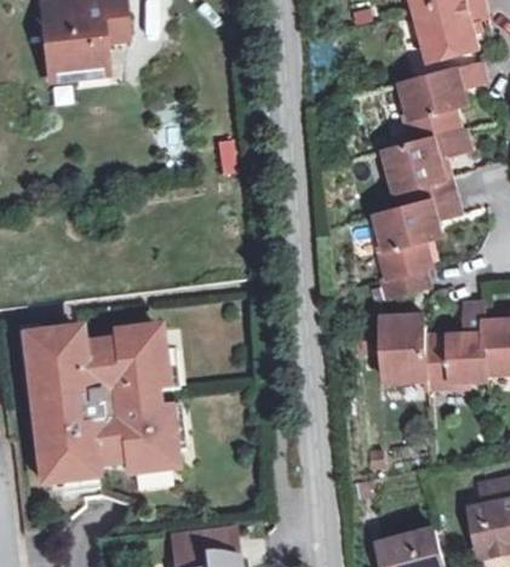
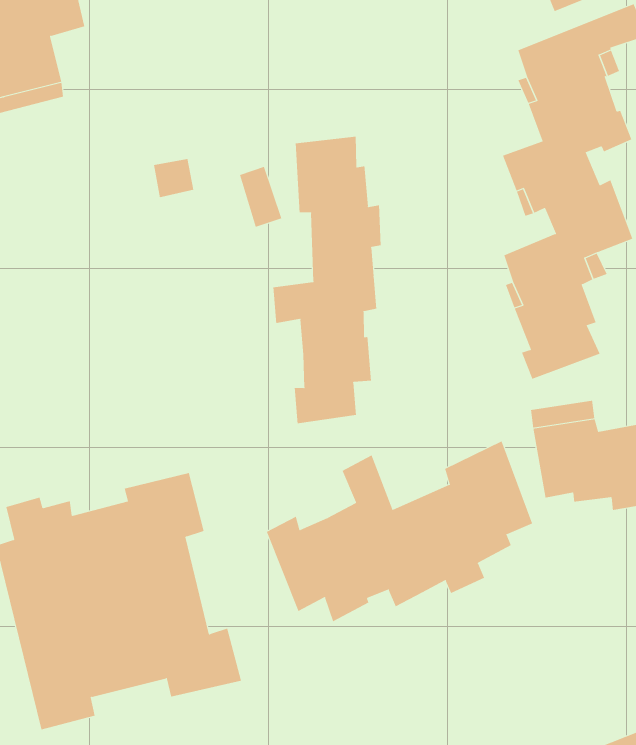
building: none -> [273,136,381,424]
building: none -> [266,441,533,622]

